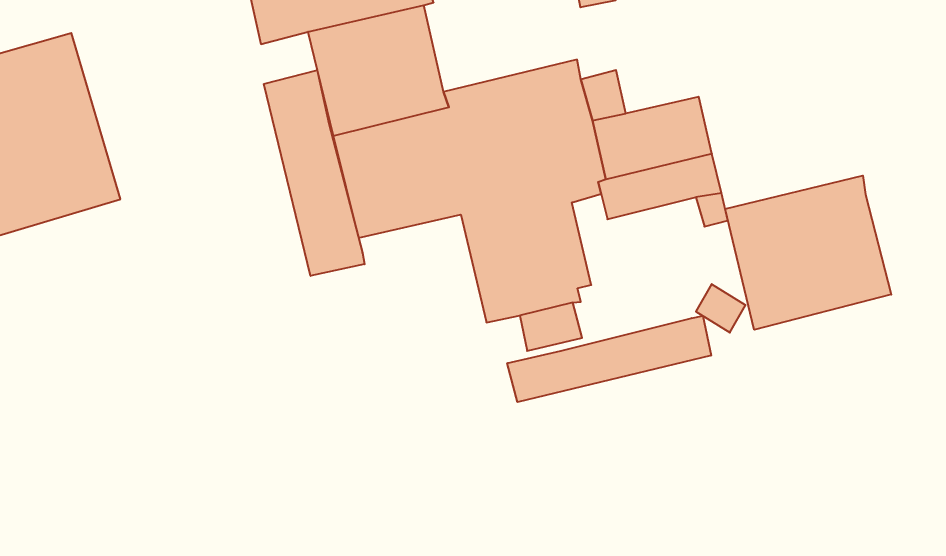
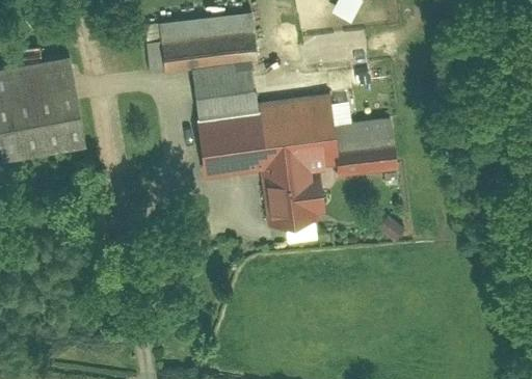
building: [264,70,365,276] -> none
building: [725,176,891,330] -> none
building: [507,316,711,402] -> none

